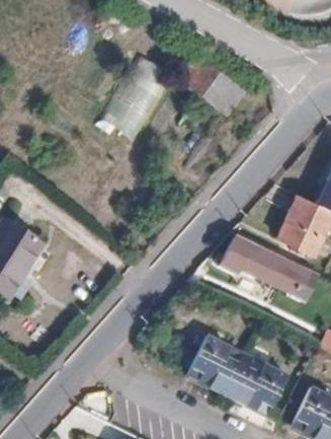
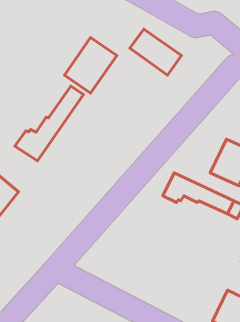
building: none -> [15,86,84,161]
building: [176,332,277,409] -> none

